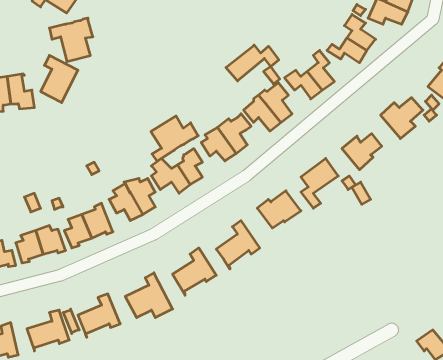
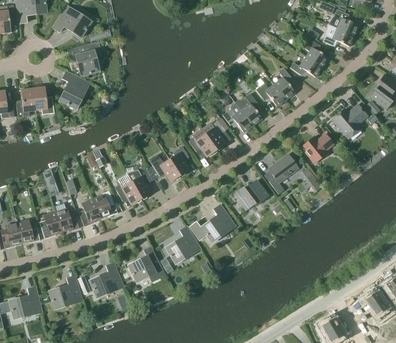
building: [226,45,279,81] -> none
building: [151,116,198,161] -> none

